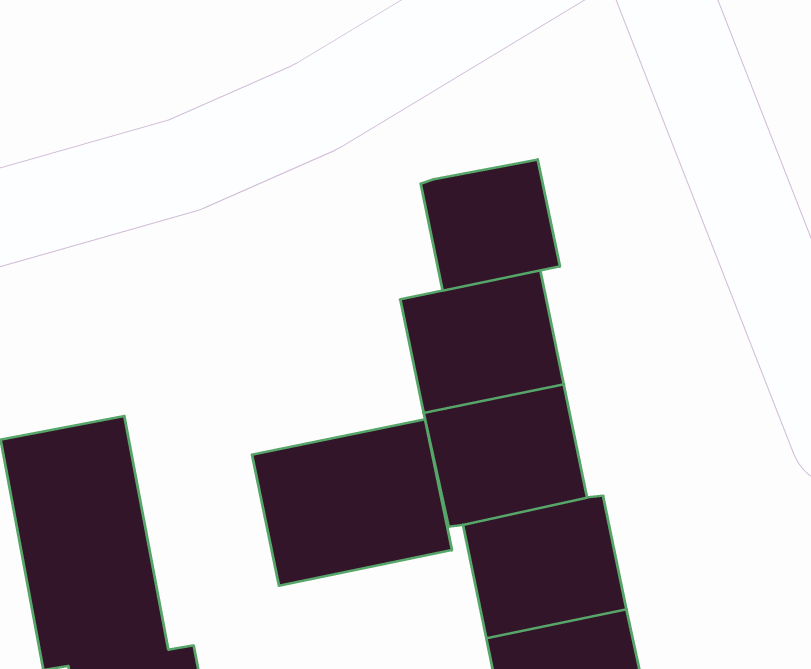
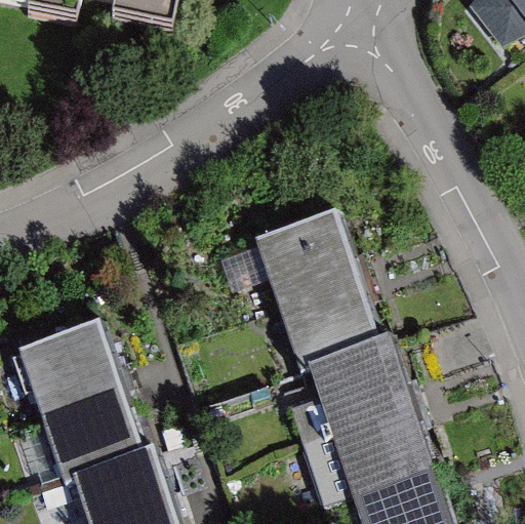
building: [421,159,560,291] -> none
building: [252,419,452,586] -> none

